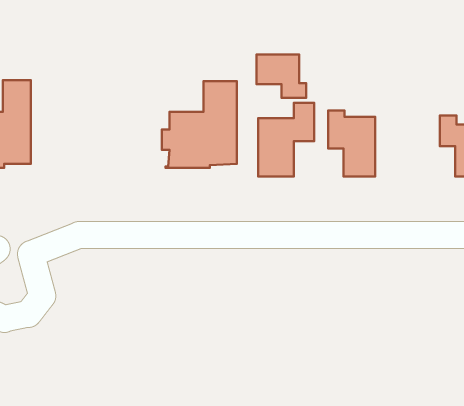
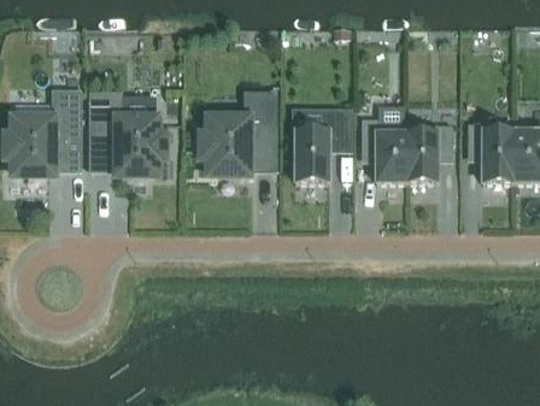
building: [256,54,306,98] -> none
building: none -> [90,92,162,173]
building: none -> [406,125,452,182]

